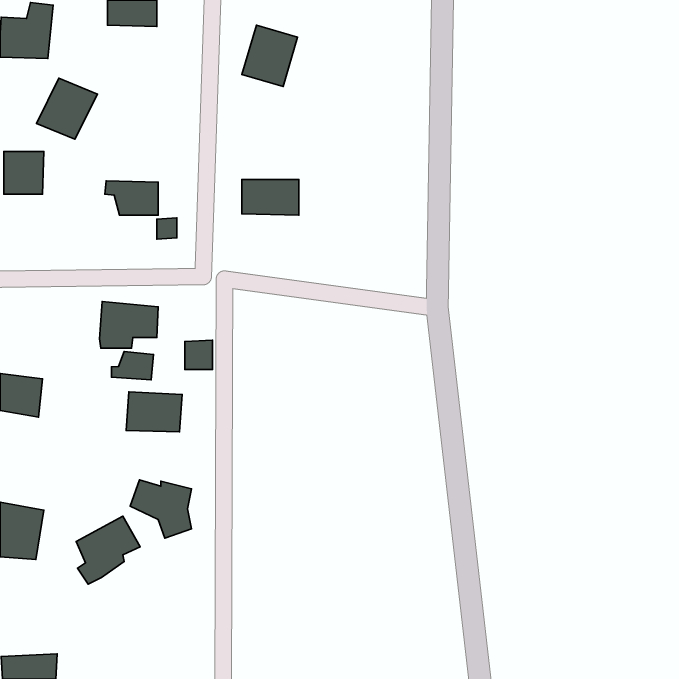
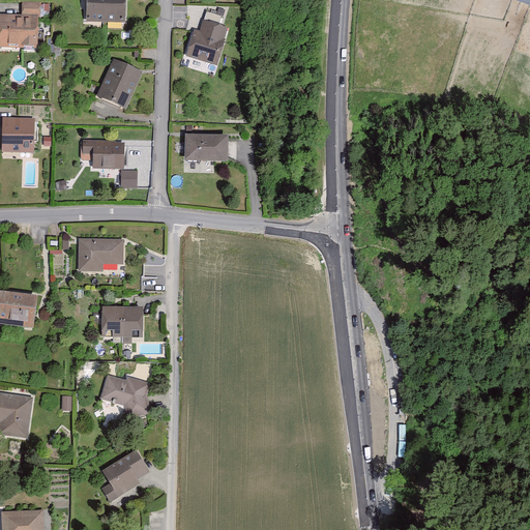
building: [36,78,98,139] -> [94,60,142,108]
building: [111,352,154,380] -> none
building: [76,516,140,584] -> [100,449,150,502]

